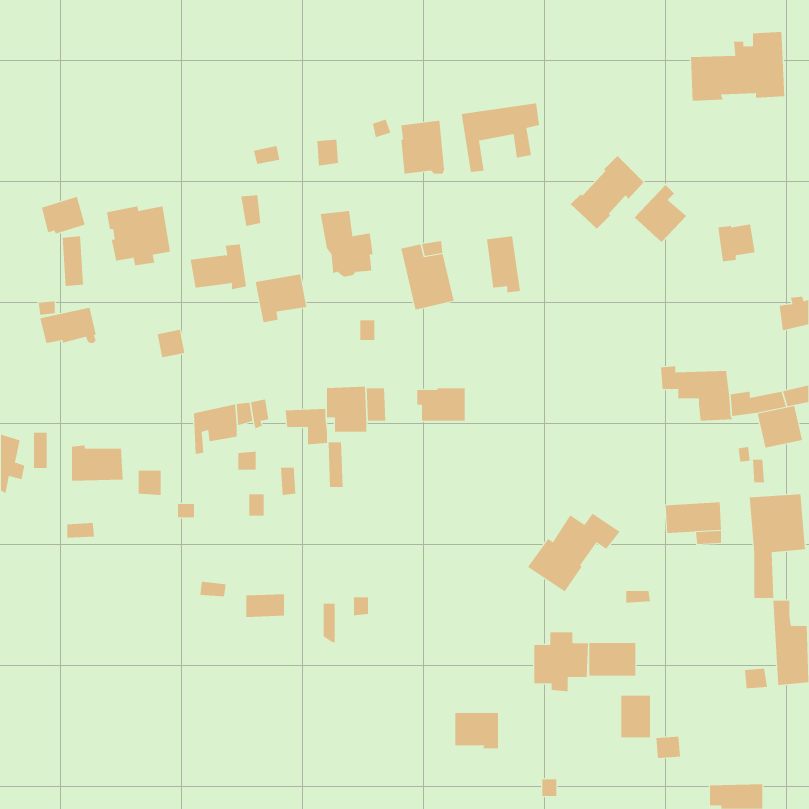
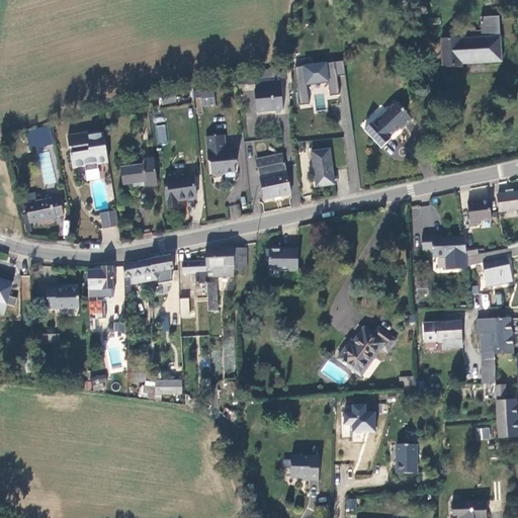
building: [634,184,687,243] -> none
building: [718,224,756,262] -> [467,199,492,224]
building: none -> [88,267,112,290]
building: [589,642,636,676] -> none

